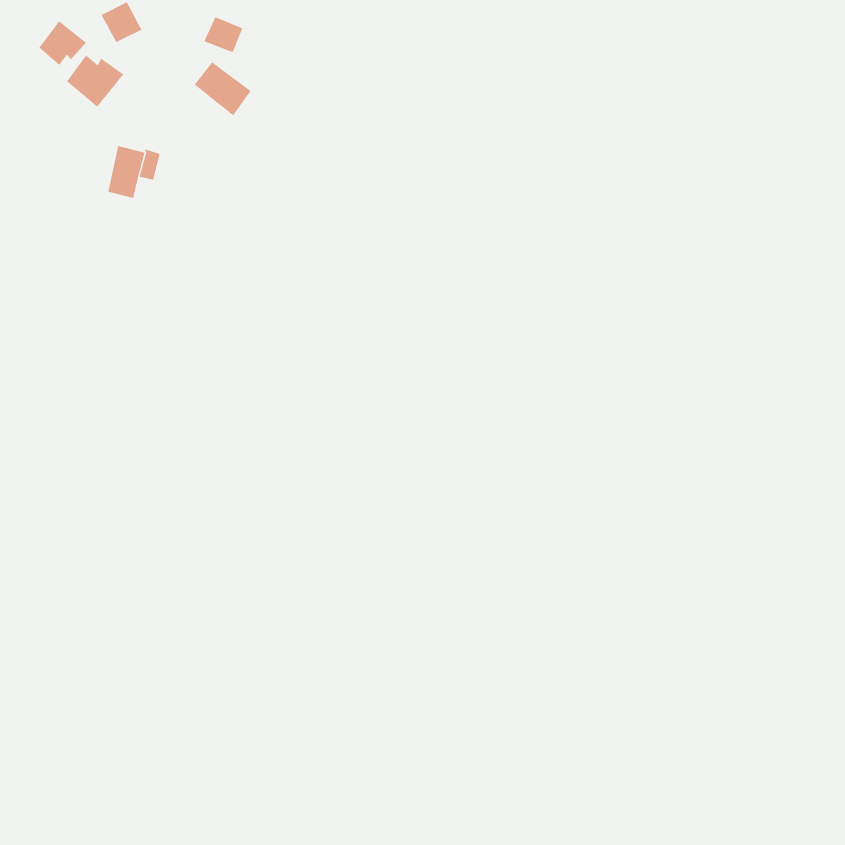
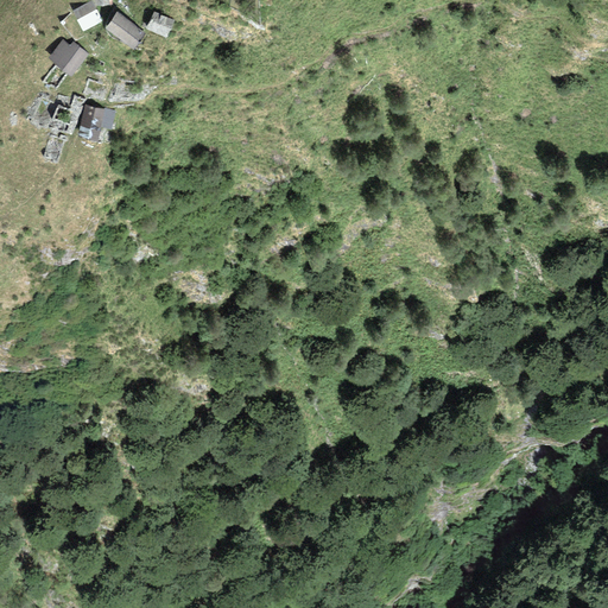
building: [38,20,87,66] -> none
building: [194,62,252,116] -> [104,12,146,51]

